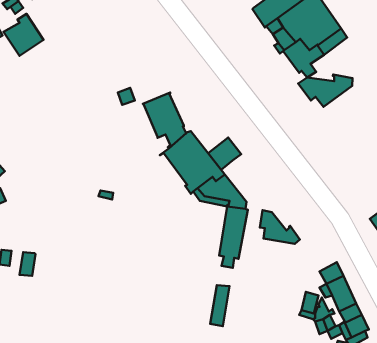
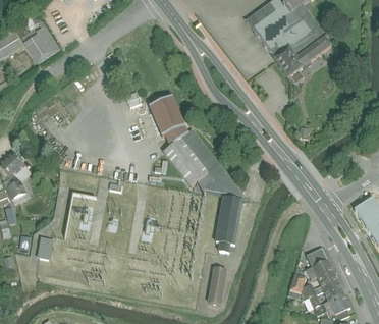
building: [298,74,353,107] -> none
building: [208,137,241,170] -> none
building: [260,210,300,244] -> none

